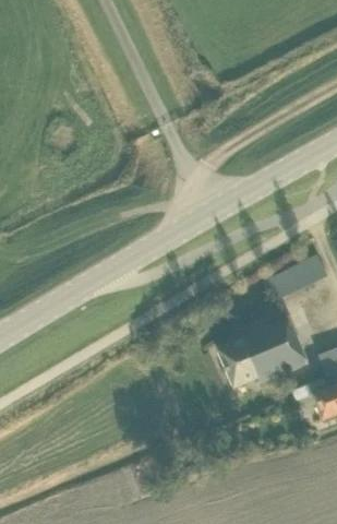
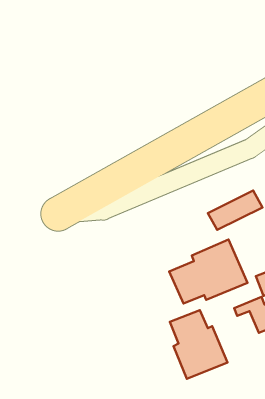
building: none -> [170,310,227,379]

